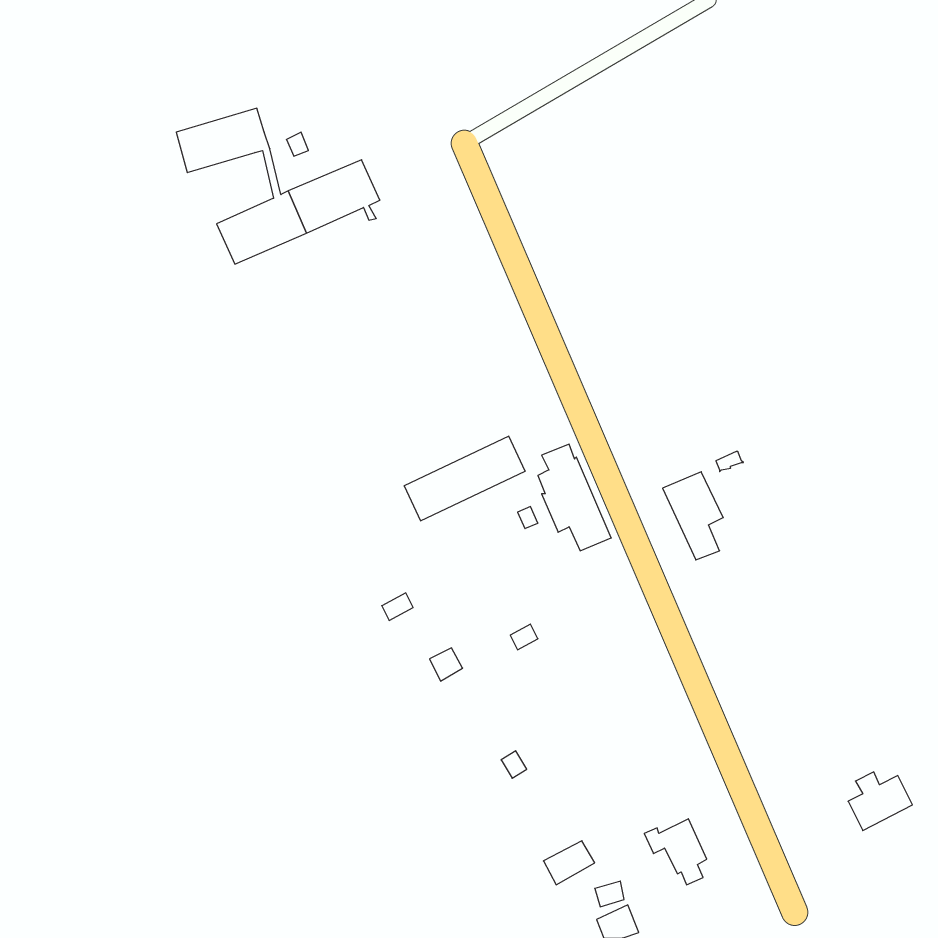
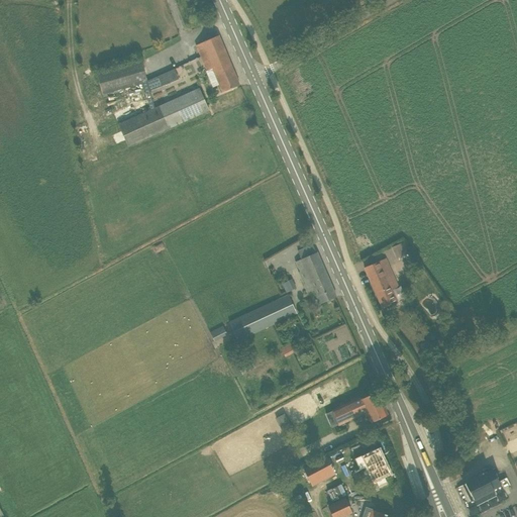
building: none -> [196,35,239,92]
building: [404,436,525,521] -> [230,294,297,340]
building: none -> [333,392,387,426]
building: [848,772,912,831] -> [466,468,501,500]

